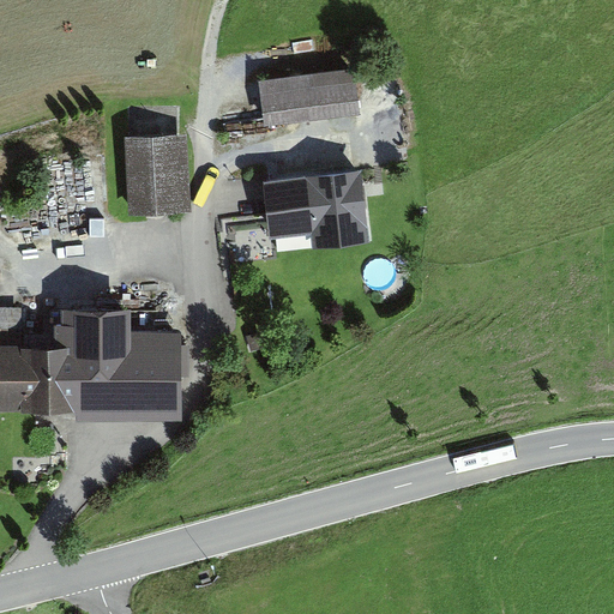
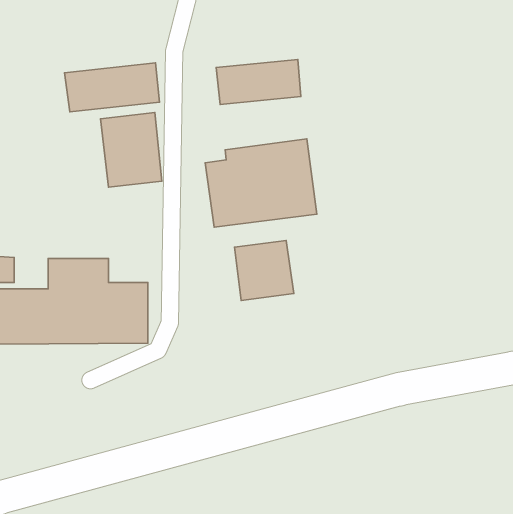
building: none -> [65,63,160,112]
building: none -> [235,241,294,300]

